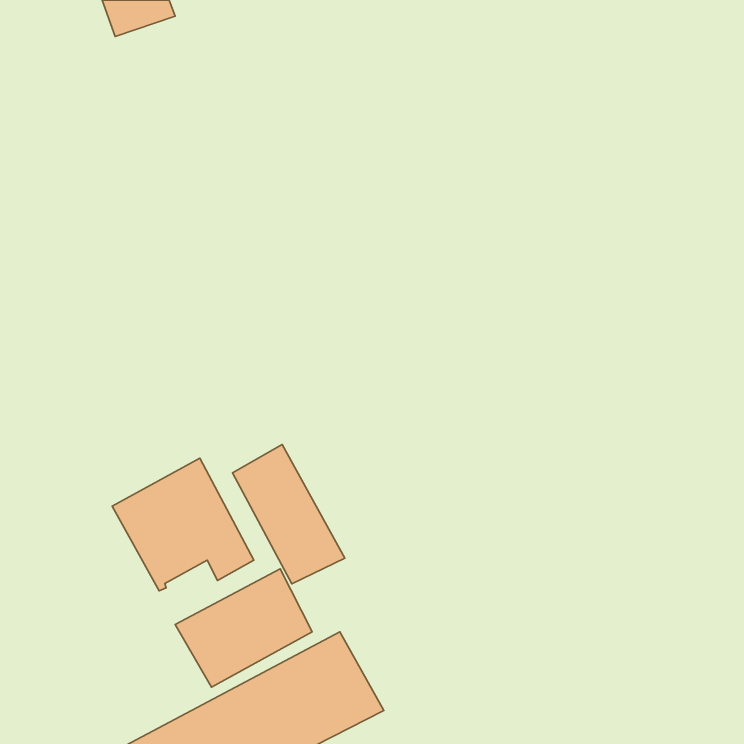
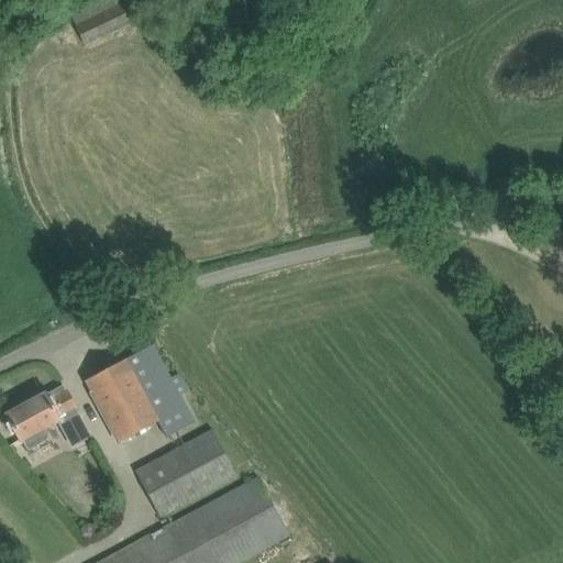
building: [233,444,345,584] -> none
building: none -> [5,387,80,451]

